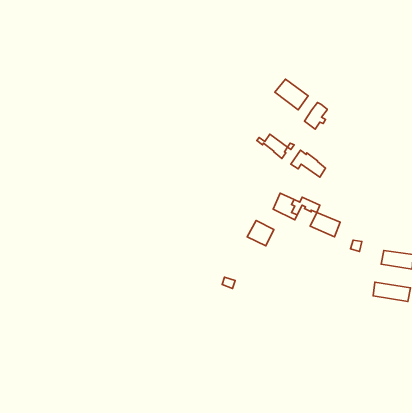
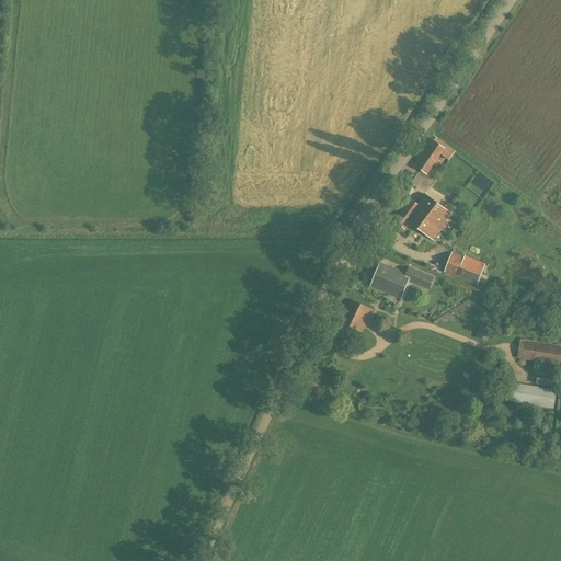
building: [275,79,308,110] -> none
building: [257,134,288,158] -> [409,195,450,228]
building: [310,213,340,237] -> [445,253,485,286]

